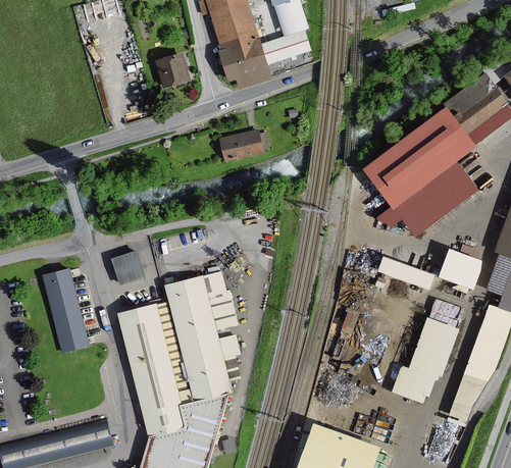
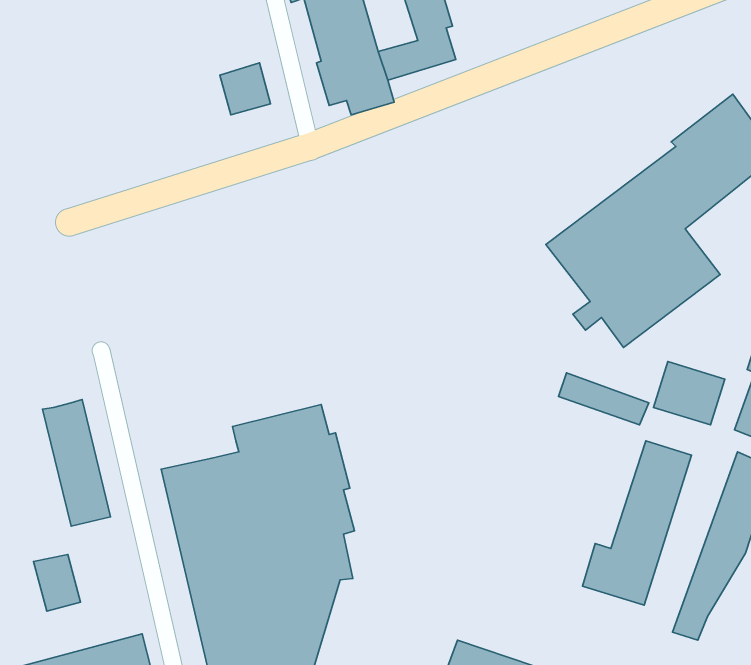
building: [219,129,261,160] -> none
building: [112,251,144,282] -> none
building: none -> [33,554,81,611]

